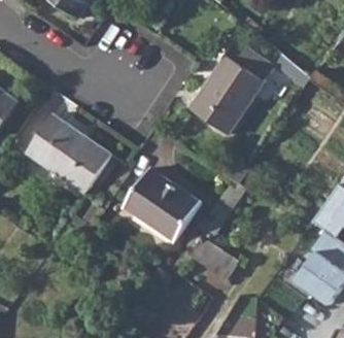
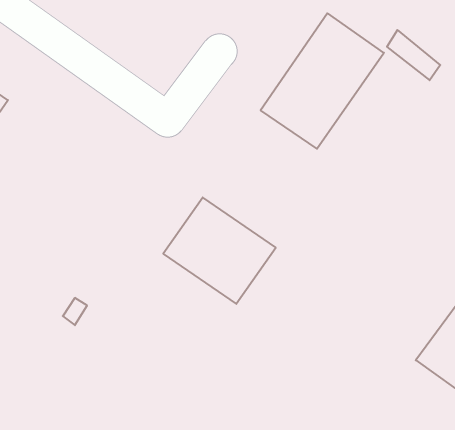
building: [25,115,109,193] -> none
building: [190,238,236,279] -> none

